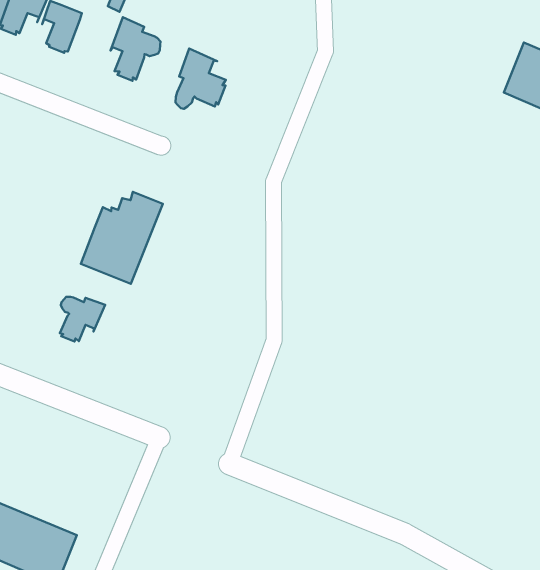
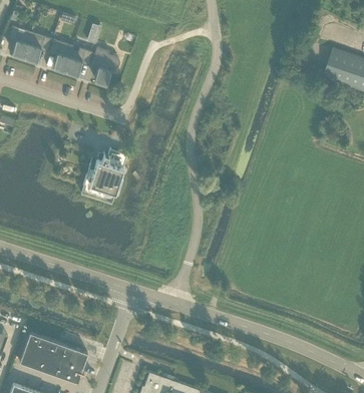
building: none -> [65,48,92,74]
building: [176,49,226,109] -> none
building: [60,297,105,341] -> none

